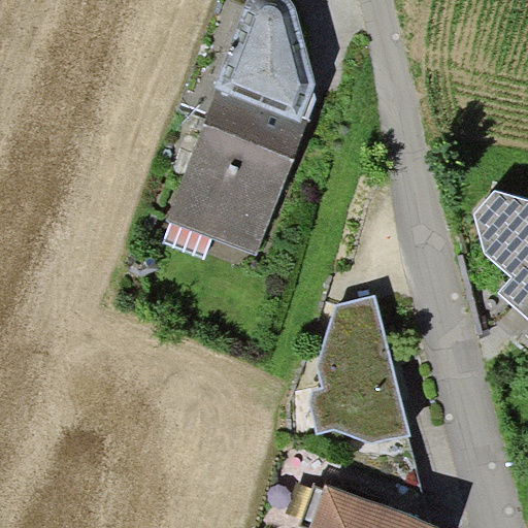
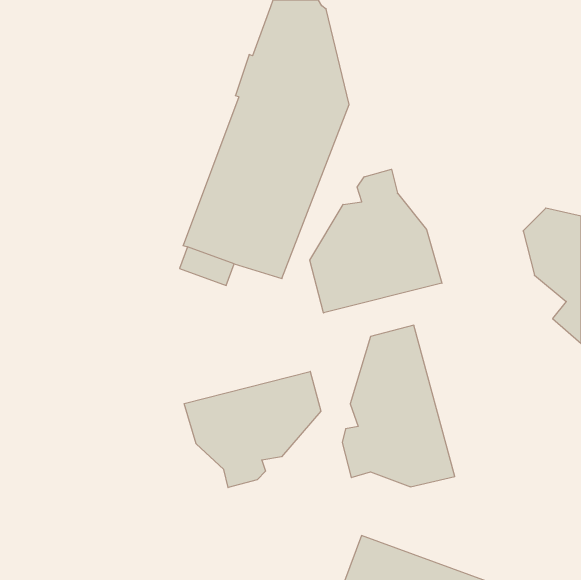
building: none -> [310,169,442,313]
building: none -> [184,371,321,488]

